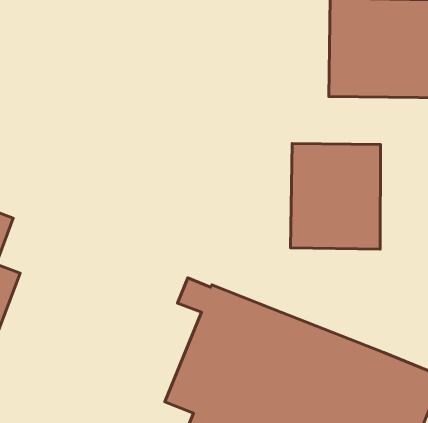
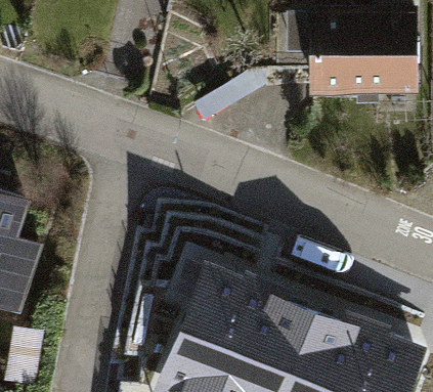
building: [291,144,381,249] -> none

